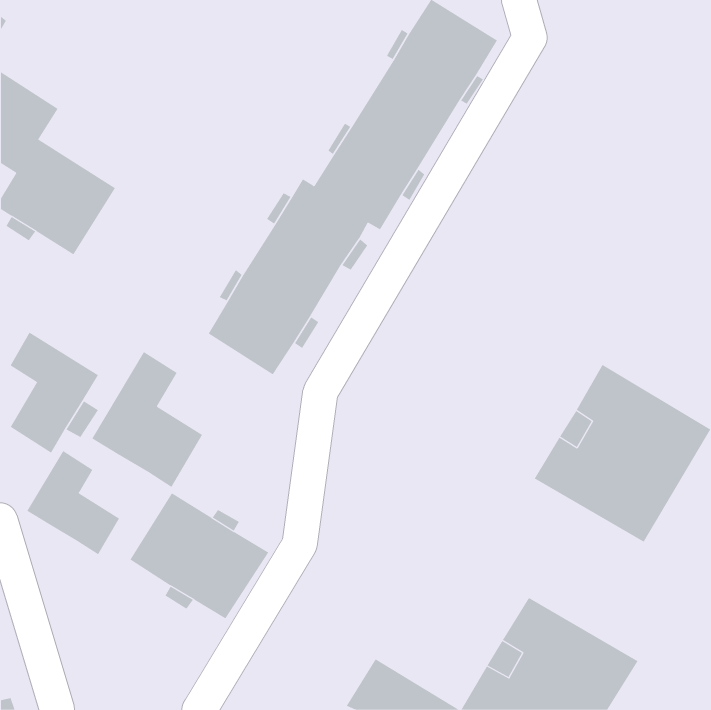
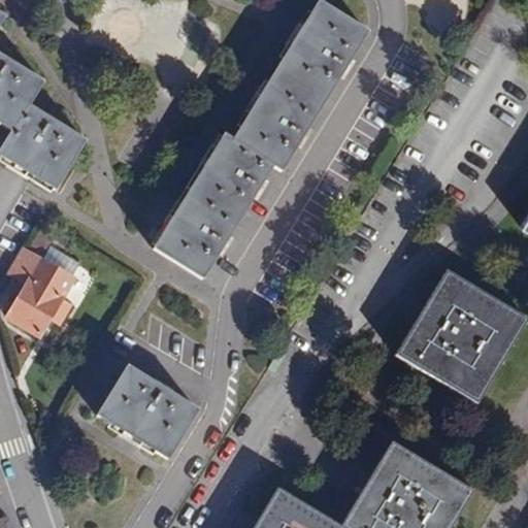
building: [91,351,203,488] -> none
building: [27,450,120,555] -> none

